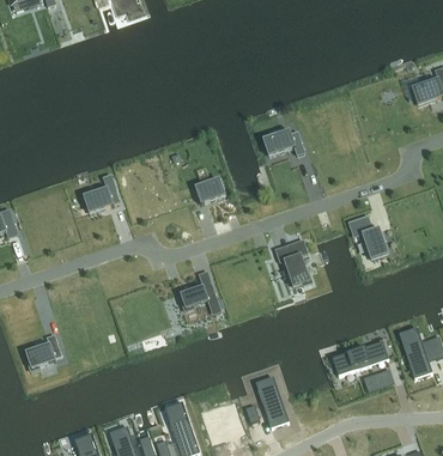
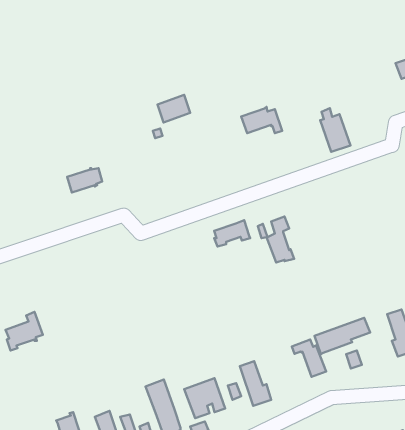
building: [192,177,224,205] -> [158,95,190,122]
building: [362,211,392,254] -> [320,108,350,152]
building: [181,282,217,309] -> [214,220,250,247]
building: none -> [292,339,326,377]

